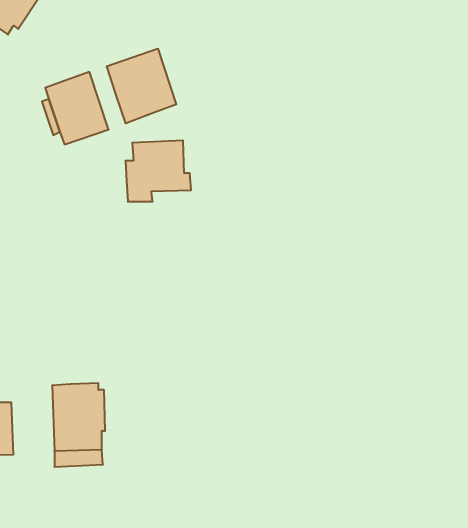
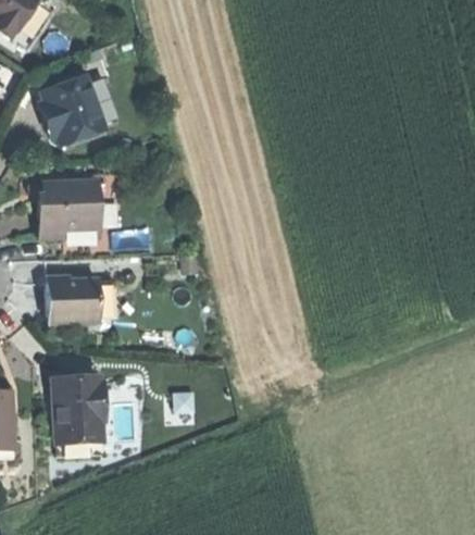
building: [107,49,176,123] -> none
building: [125,140,191,202] -> [39,181,102,239]
building: none -> [50,282,102,322]

